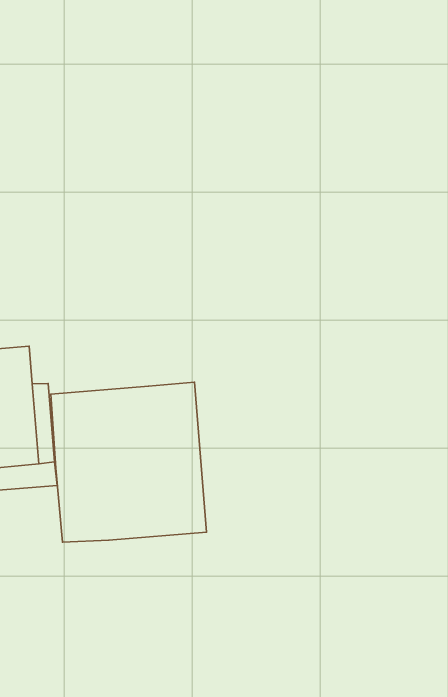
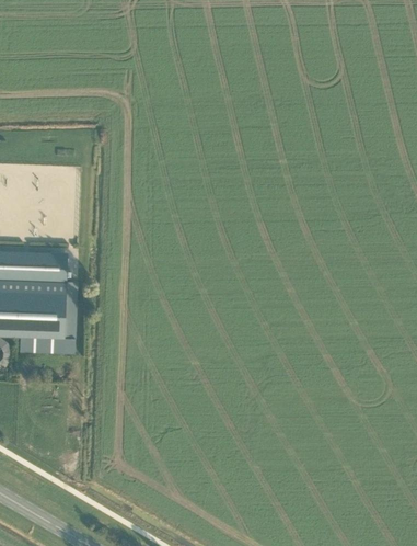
building: [51,382,207,542] -> none

